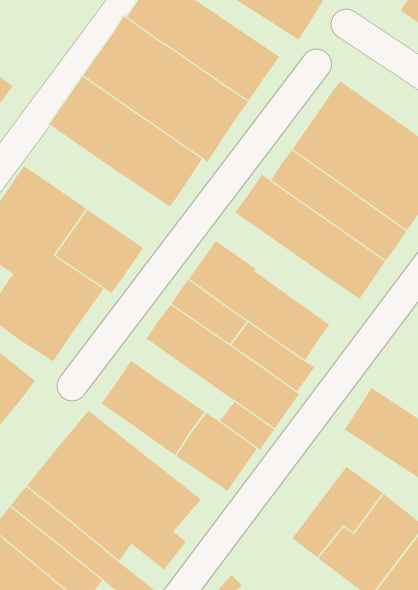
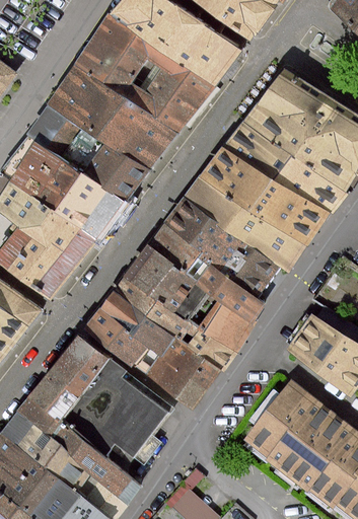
building: none -> [25,103,147,204]
building: none -> [184,175,301,271]
building: none -> [115,278,199,338]

